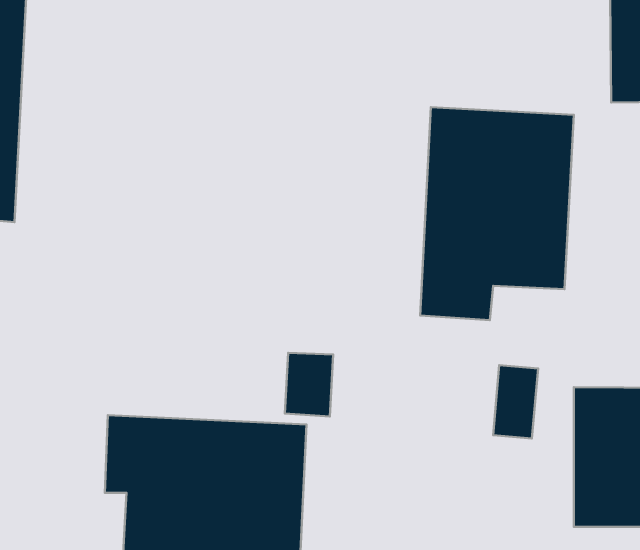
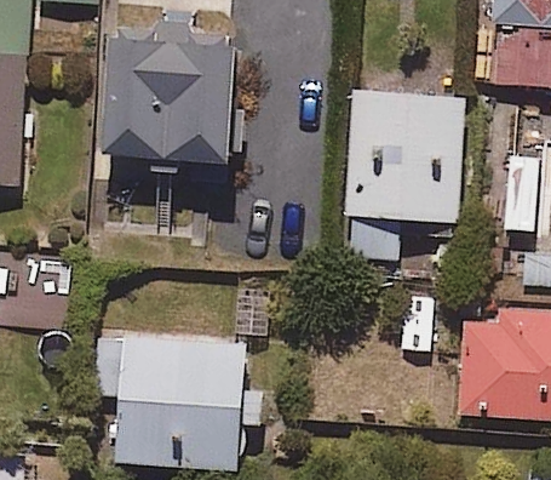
building: none -> [110,17,247,153]

